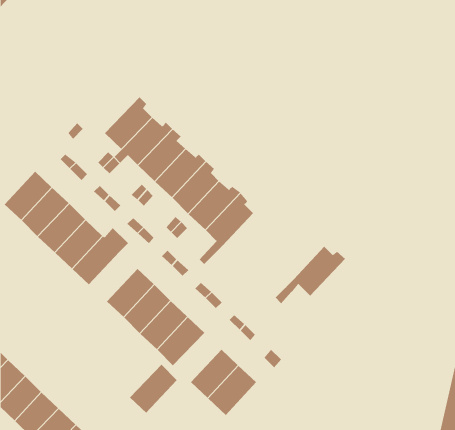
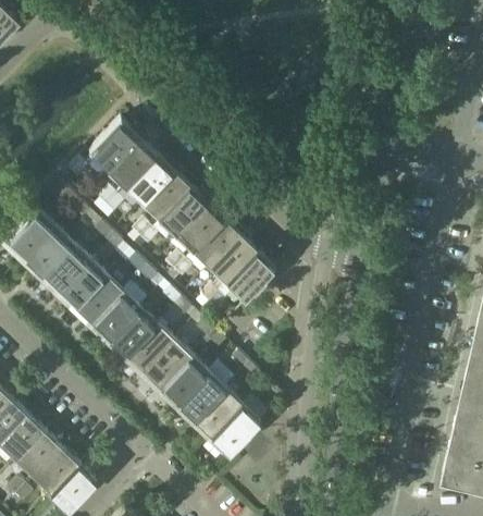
building: none -> [88,122,141,171]
building: [275,246,346,304] -> [207,251,278,310]
building: none -> [90,291,139,341]
building: [129,364,177,414] -> [175,372,224,422]

